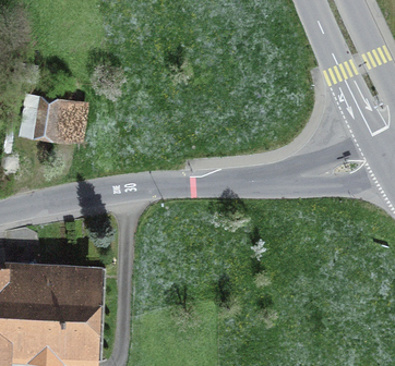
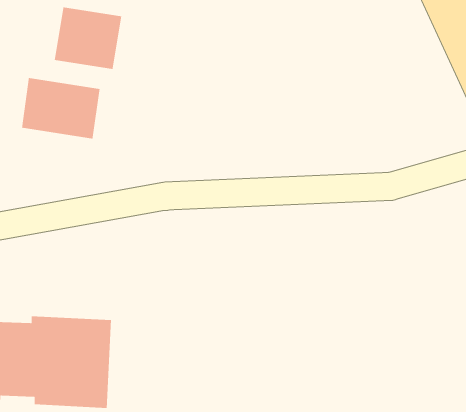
building: none -> [54,7,122,70]

